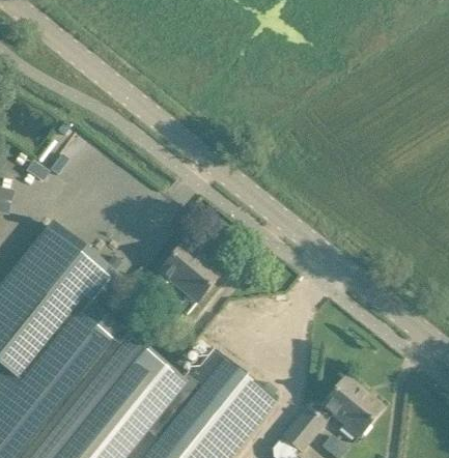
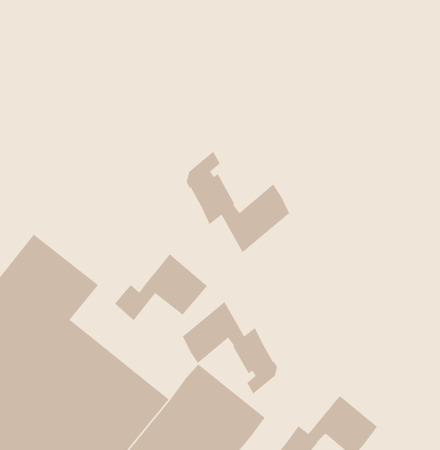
building: none -> [186,151,290,253]
building: none -> [182,301,277,395]

